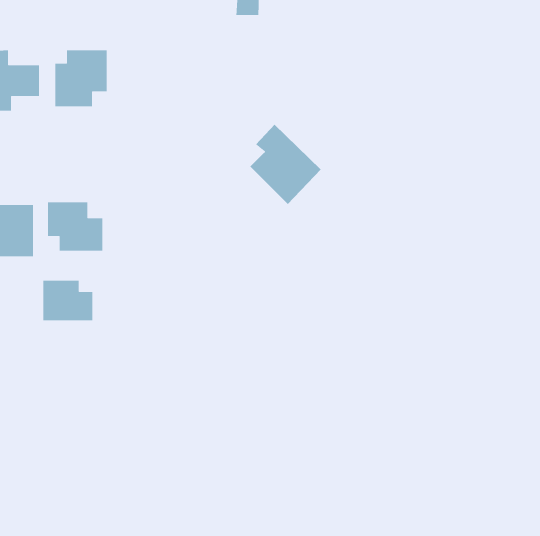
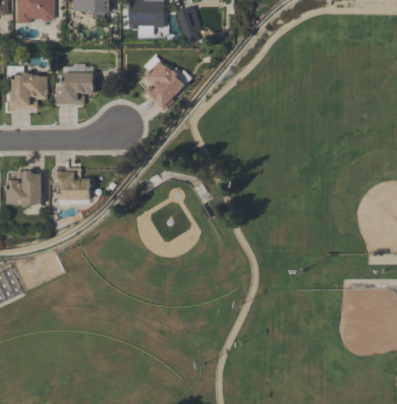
building: [249,124,322,205] -> [138,53,187,108]
building: [43,280,93,321] -> none

